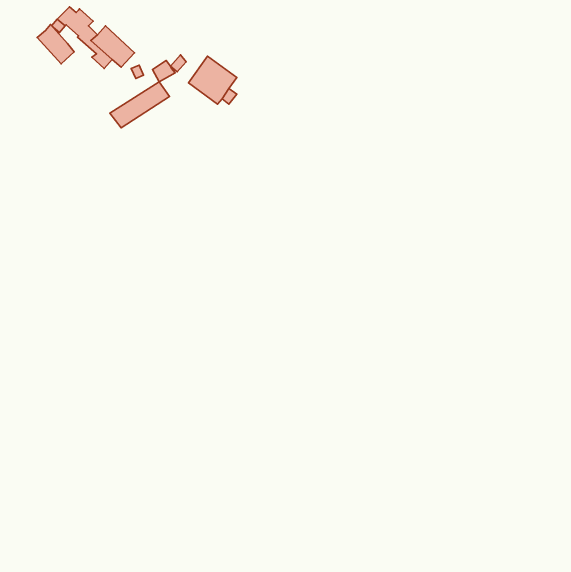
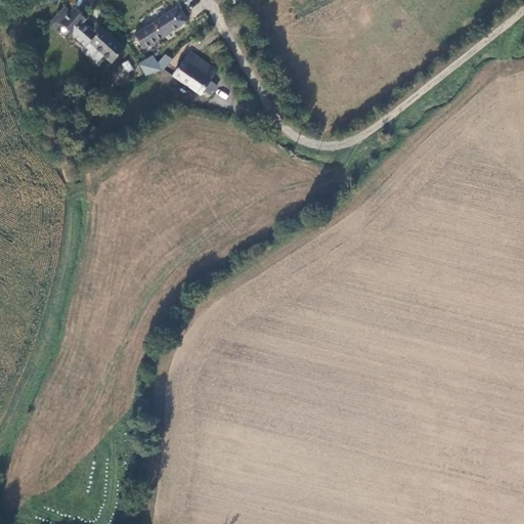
building: [37,25,74,64] -> none
building: [110,82,169,128] -> [133,5,187,47]

